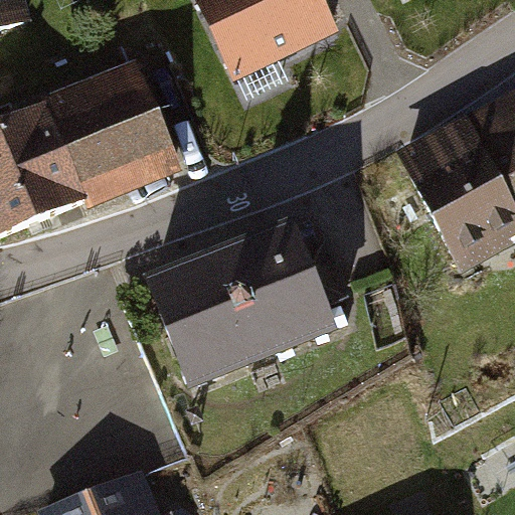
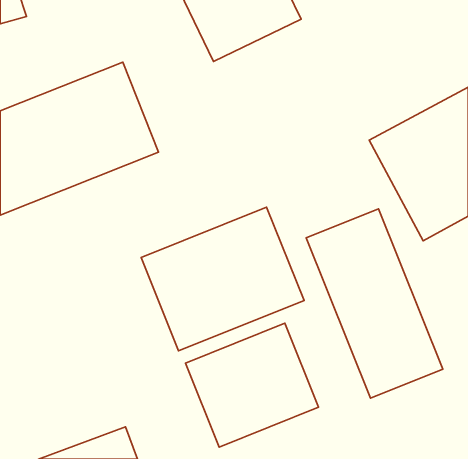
building: none -> [306,209,443,398]
building: none -> [186,323,319,447]

